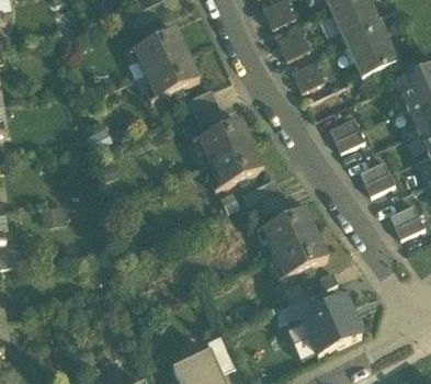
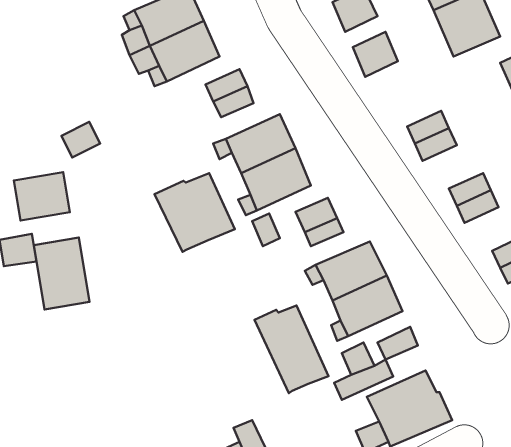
building: none -> [14,172,70,220]
building: none -> [155,173,235,252]
building: none -> [34,238,90,309]
building: none -> [254,306,329,393]

